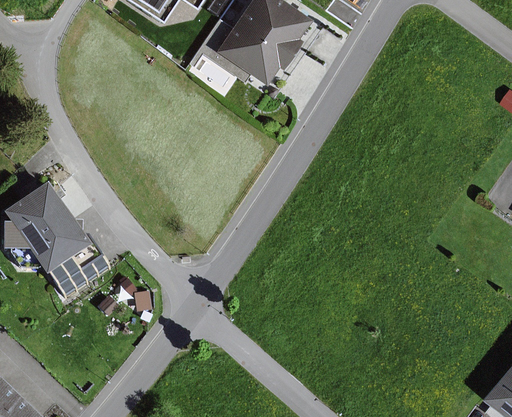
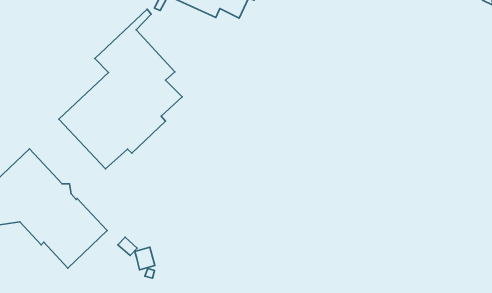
building: none -> [59,9,182,169]

